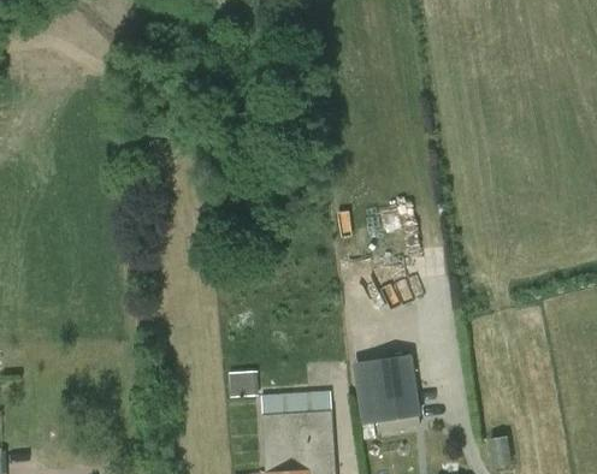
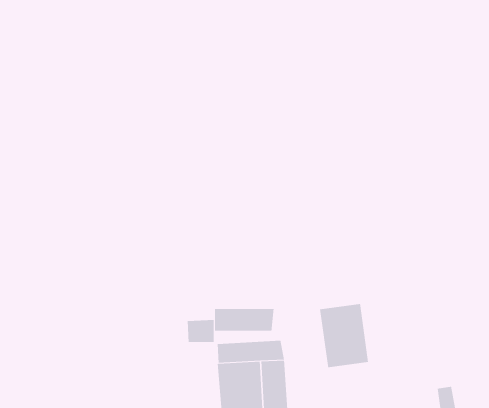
building: none -> [214,308,274,332]

